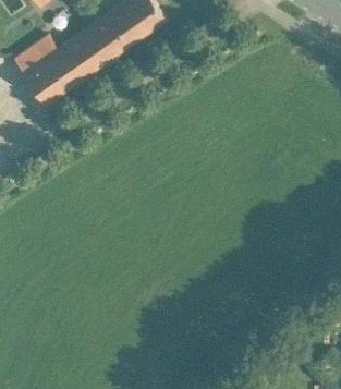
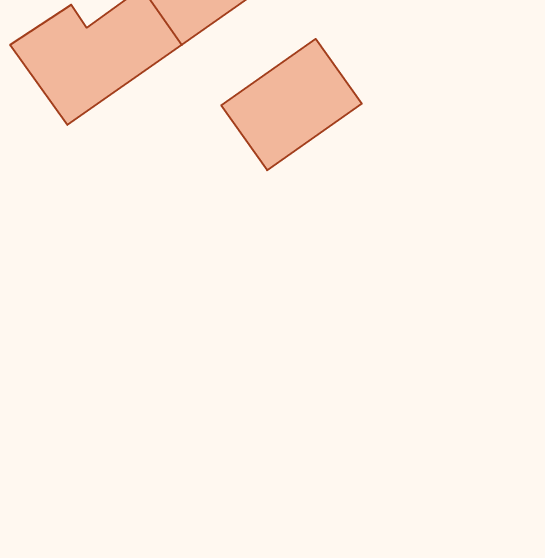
building: none -> [221,39,362,170]

